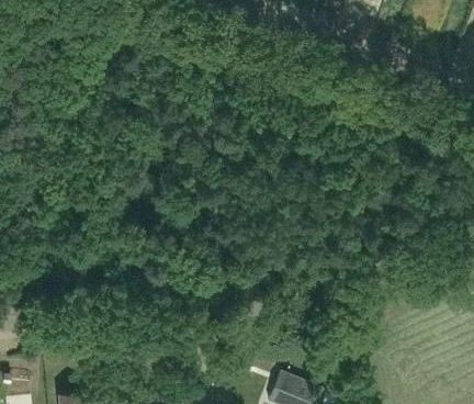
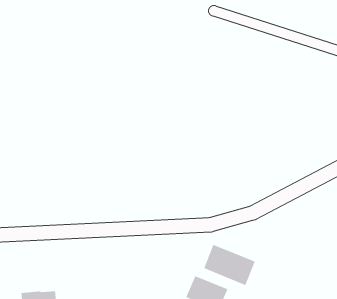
building: none -> [203,244,256,286]

